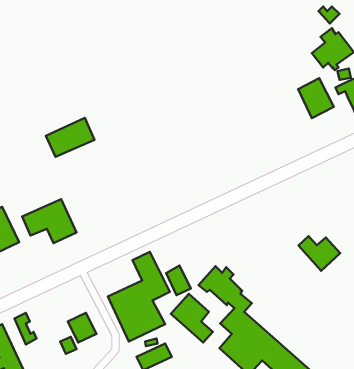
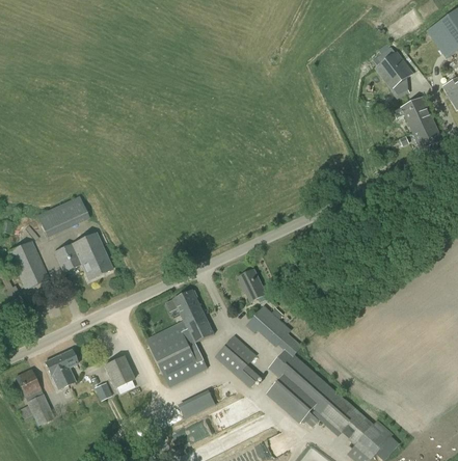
building: [298,78,334,118] -> none
building: [46,118,94,157] -> [36,194,89,237]
building: [298,236,340,271] -> none
building: [166,266,191,295] -> [239,268,266,300]
building: none -> [57,349,78,383]

